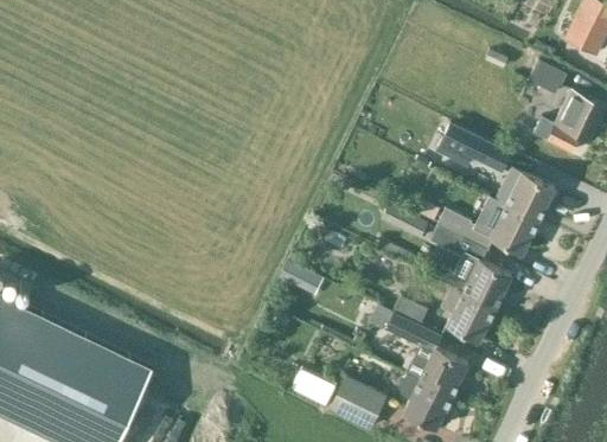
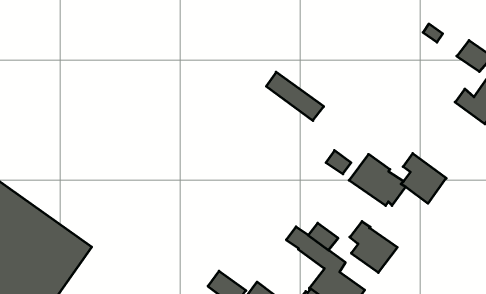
building: [443,124,512,172] -> [266,72,324,121]
building: [496,168,555,222] -> none
building: [452,258,512,309] -> none
building: [279,263,321,297] -> none

